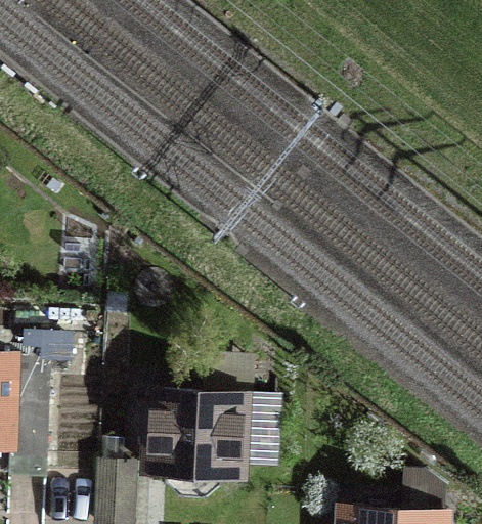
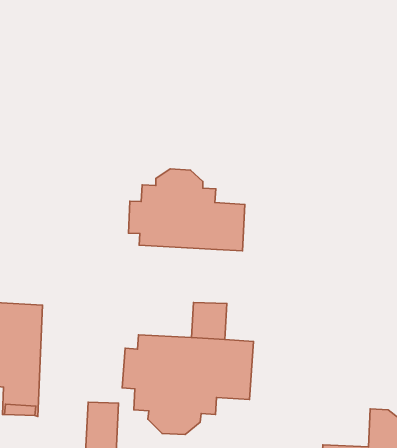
building: none -> [129,169,245,251]

